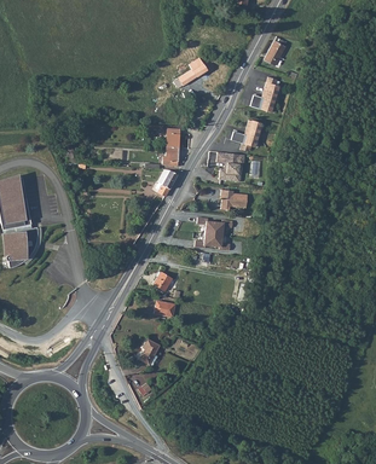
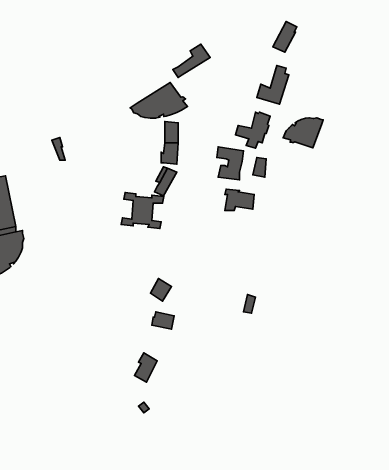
building: none -> [130,83,187,118]
building: none -> [283,118,323,148]
building: [195,216,233,249] -> [121,193,164,229]

